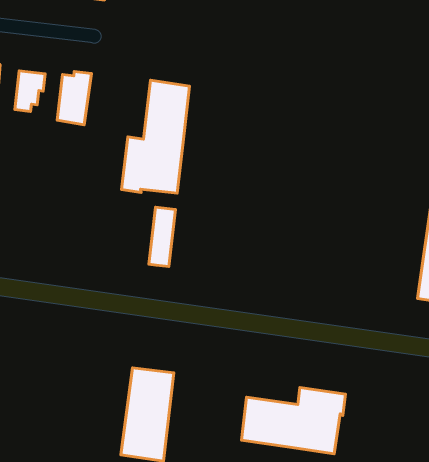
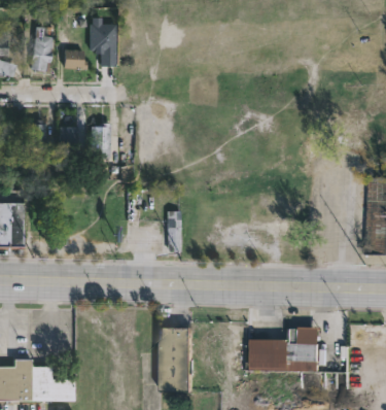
building: [122,80,190,193] -> none

